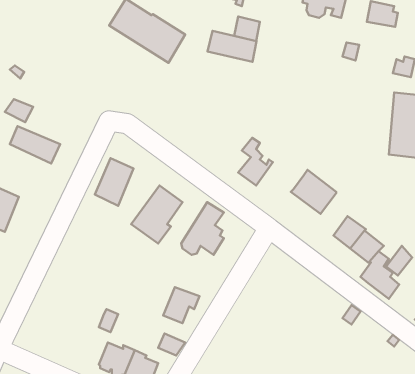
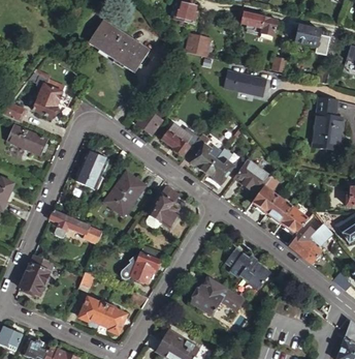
building: [208,31,257,62] -> [225,71,264,96]
building: none -> [31,67,65,117]
building: none -> [135,106,162,133]
building: none -> [162,121,195,155]
building: none -> [205,153,244,184]
building: none -> [252,178,278,212]
building: none -> [50,209,103,243]
building: none -> [224,246,270,289]
building: none -> [21,255,54,295]
building: none -> [191,276,244,315]

